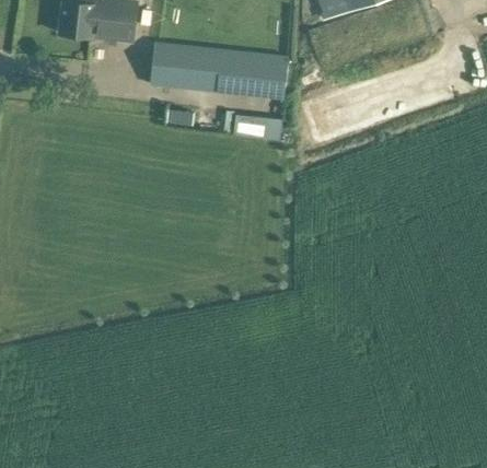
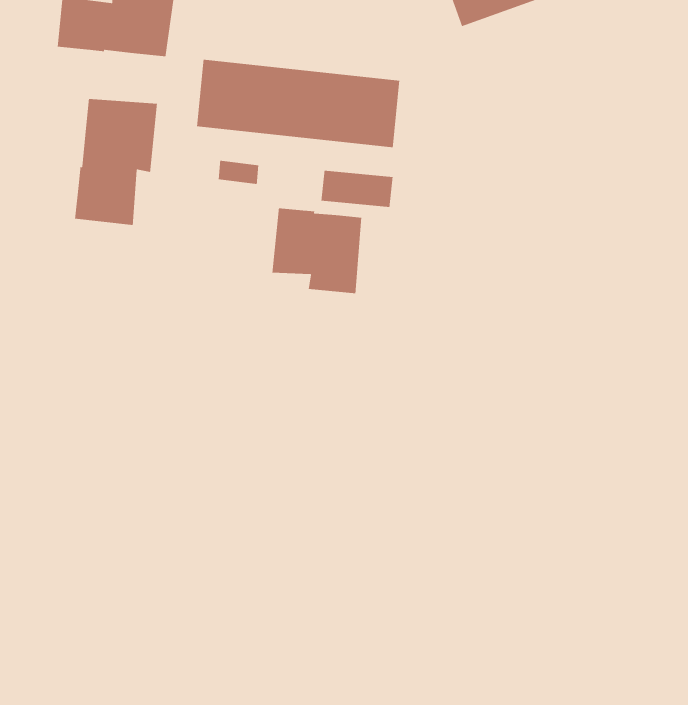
building: none -> [74,98,158,226]
building: none -> [272,207,362,294]

